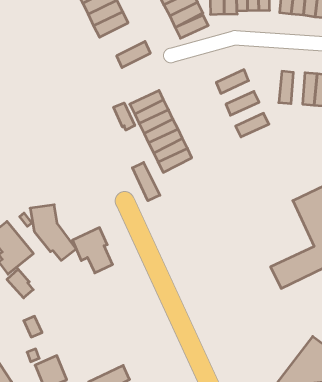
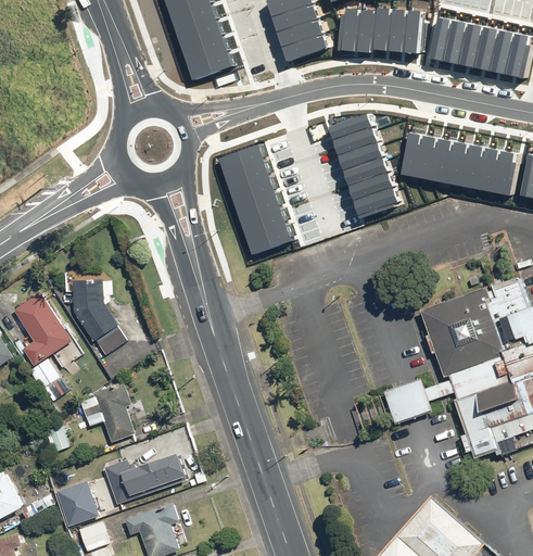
building: [175,15,208,38] -> [331,114,376,141]
building: [117,41,150,68] -> [188,49,233,80]
building: none -> [402,132,426,177]
building: none -> [433,139,456,182]
building: none -> [341,143,385,172]
building: none -> [351,174,395,202]
building: [114,103,135,130] -> none
building: [132,162,160,201] -> none
building: [72,228,113,273] -> [84,382,134,442]
building: none -> [103,455,185,505]

